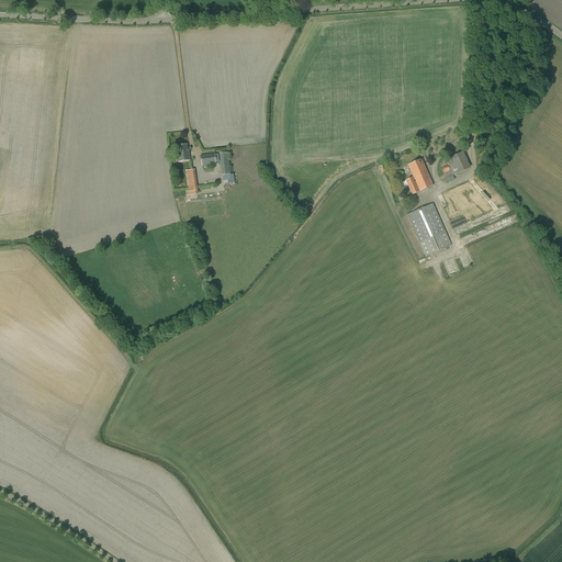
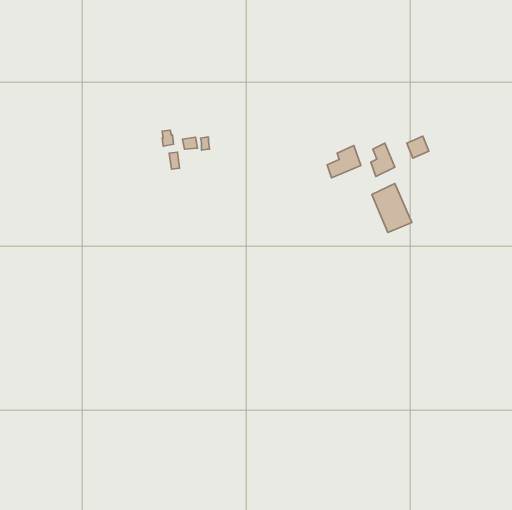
building: none -> [327,145,361,178]

